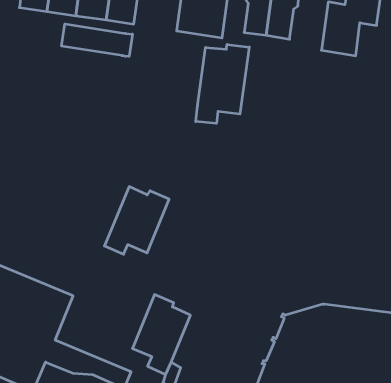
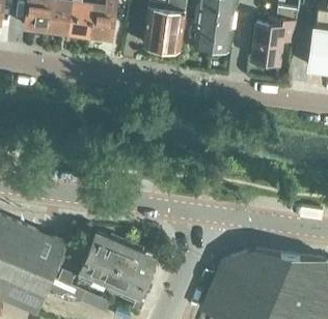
building: [62,24,132,56] -> none
building: [196,44,249,123] -> none
building: [104,187,169,254] -> [77,237,126,288]

